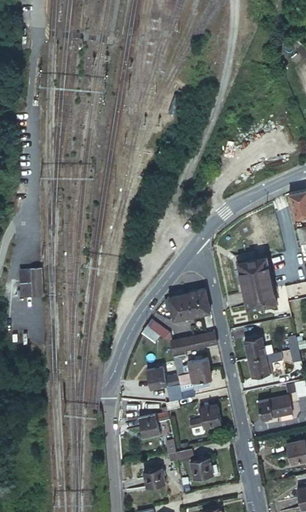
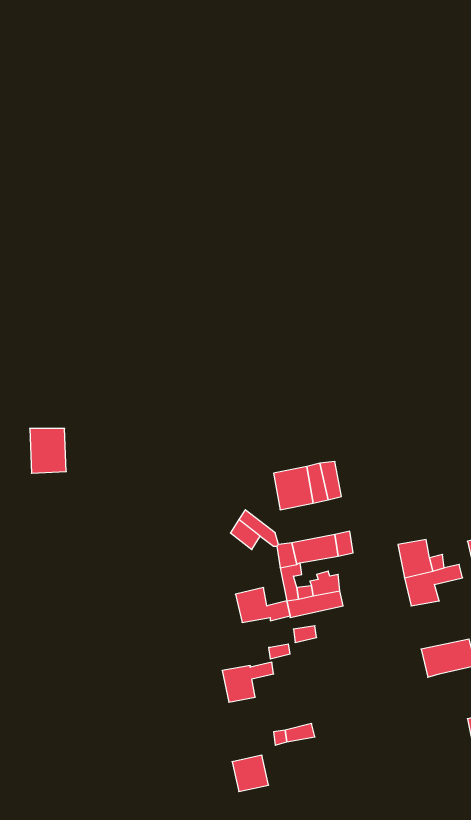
building: [238,258,275,309] -> none
building: [188,406,219,429] -> none
building: [190,458,217,481] -> none

